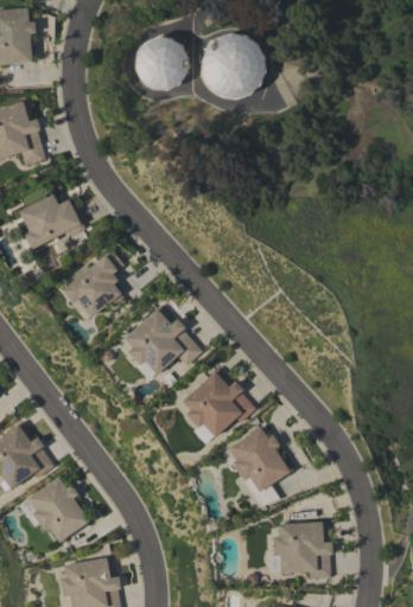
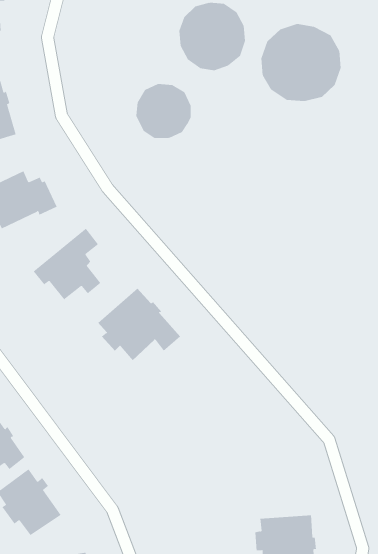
building: [133,37,186,89] -> [135,83,192,138]
building: none -> [261,23,341,102]
building: [180,366,255,443] -> none
building: [227,426,288,507] -> none

